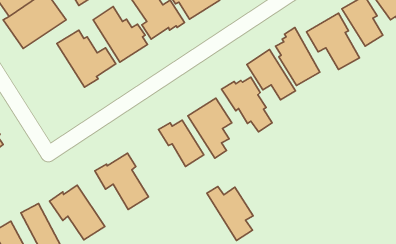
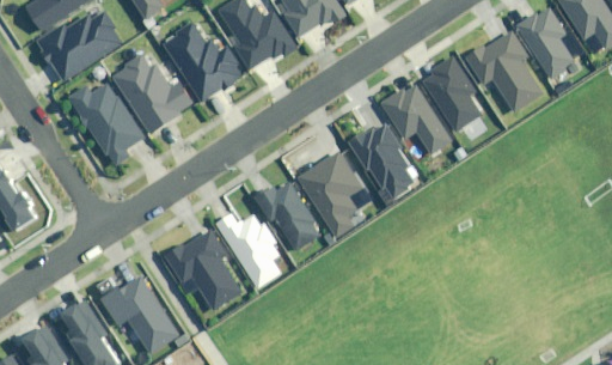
building: none -> [69,84,146,165]
building: [207,186,253,240] -> [216,211,282,287]

